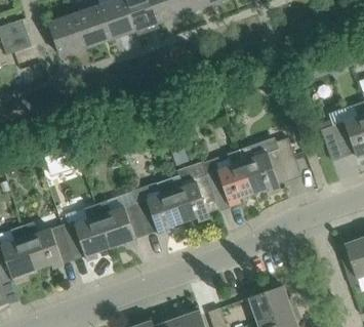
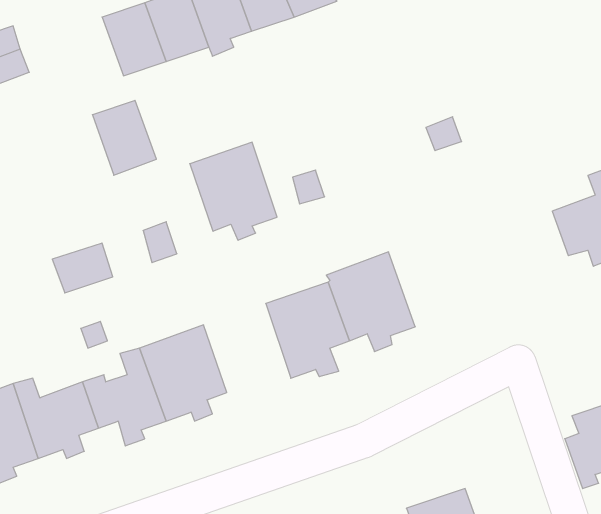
building: [49,14,86,57] -> [92,100,156,175]
building: [239,137,299,193] -> none
building: [132,179,183,236] -> [190,142,277,240]

